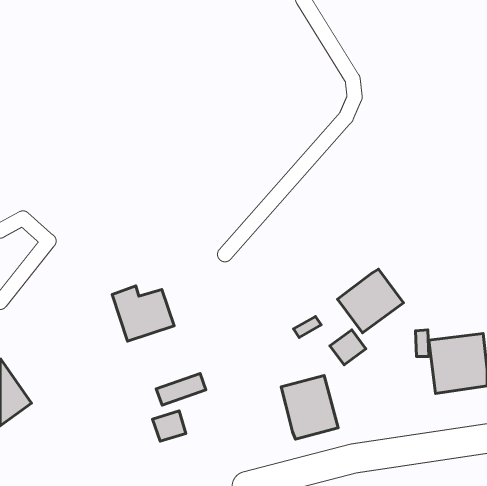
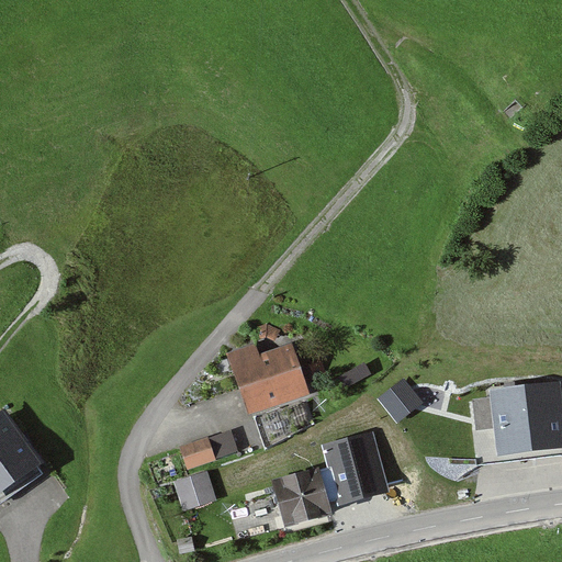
building: [338,269,403,333] -> none
building: [112,286,174,341] -> [228,345,300,408]
building: none -> [271,467,337,524]

